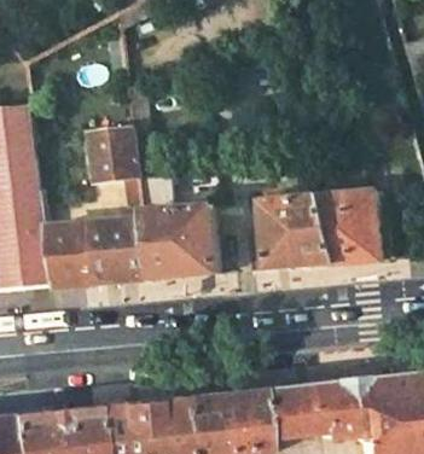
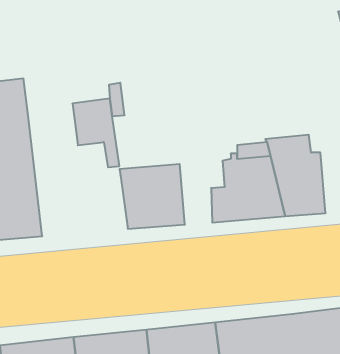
building: [35,146,151,290] -> none

